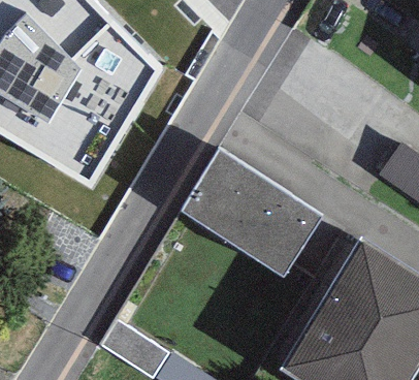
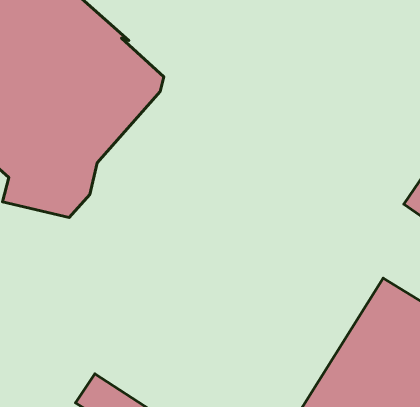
building: [179,151,322,277] -> none

